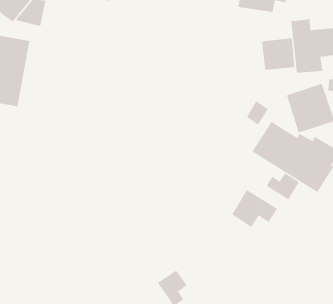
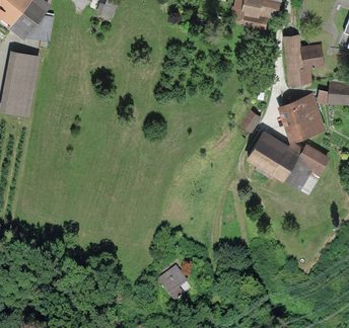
building: [262,38,295,71] -> none
building: [266,173,300,200] -> none
building: [231,189,278,228] -> none

